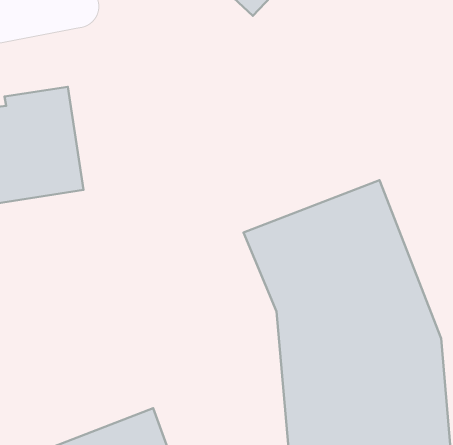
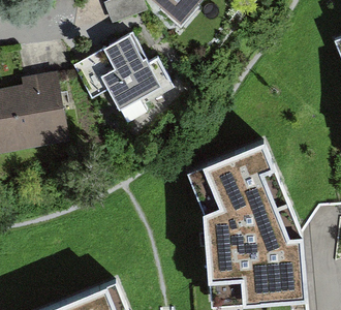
building: none -> [87,31,164,116]

